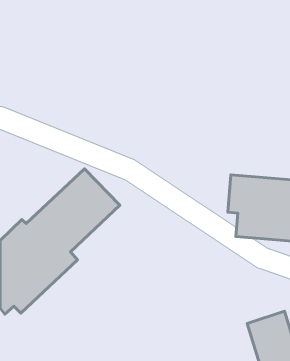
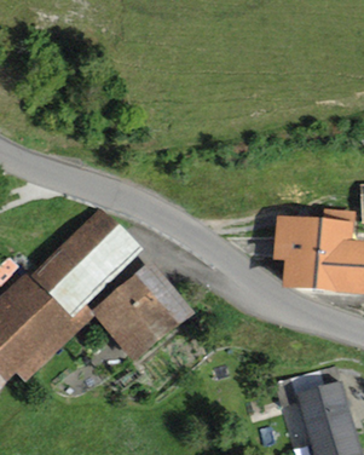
building: none -> [91,258,196,362]

